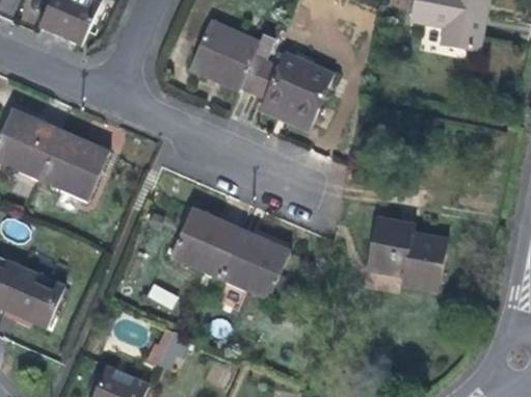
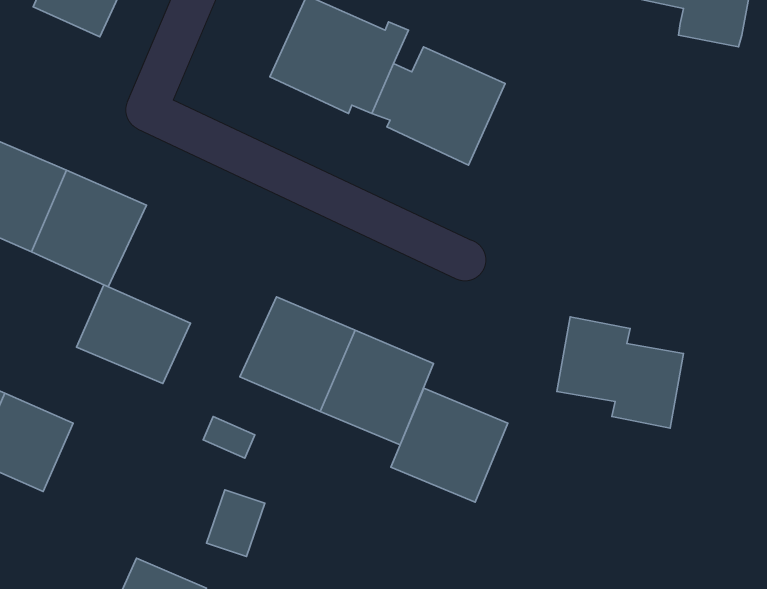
building: none -> [77,285,190,384]
building: none -> [391,388,508,502]

